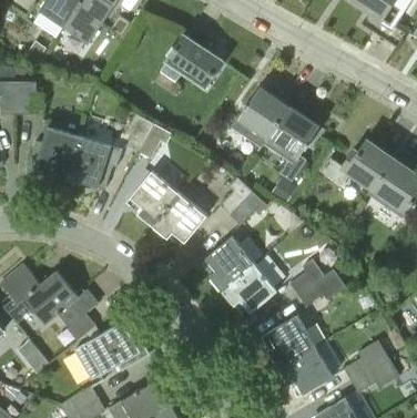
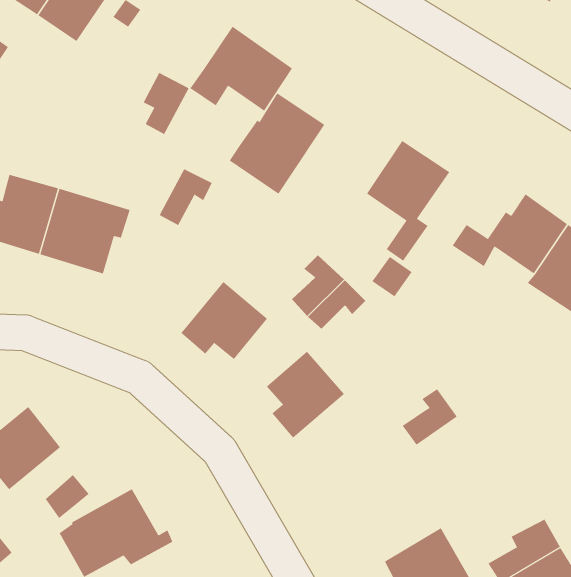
building: [231,85,291,149] -> [229,93,325,194]
building: [126,113,155,152] -> [143,72,189,135]
building: [131,171,180,225] -> none
building: [223,263,278,313] -> none
building: [299,268,346,305] -> none
building: [268,315,315,367] -> none

